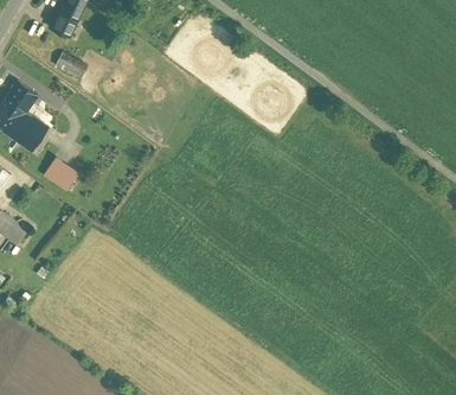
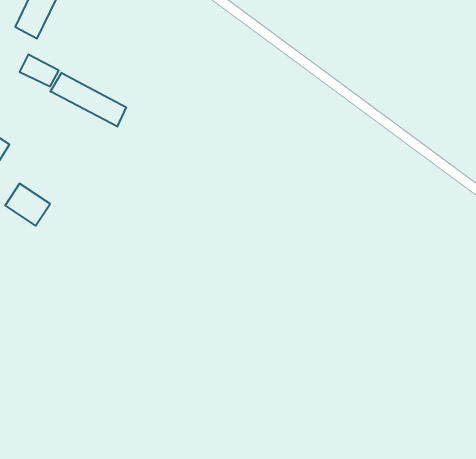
building: none -> [50,73,126,127]

